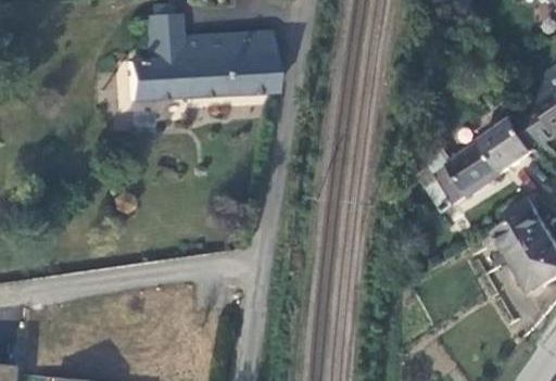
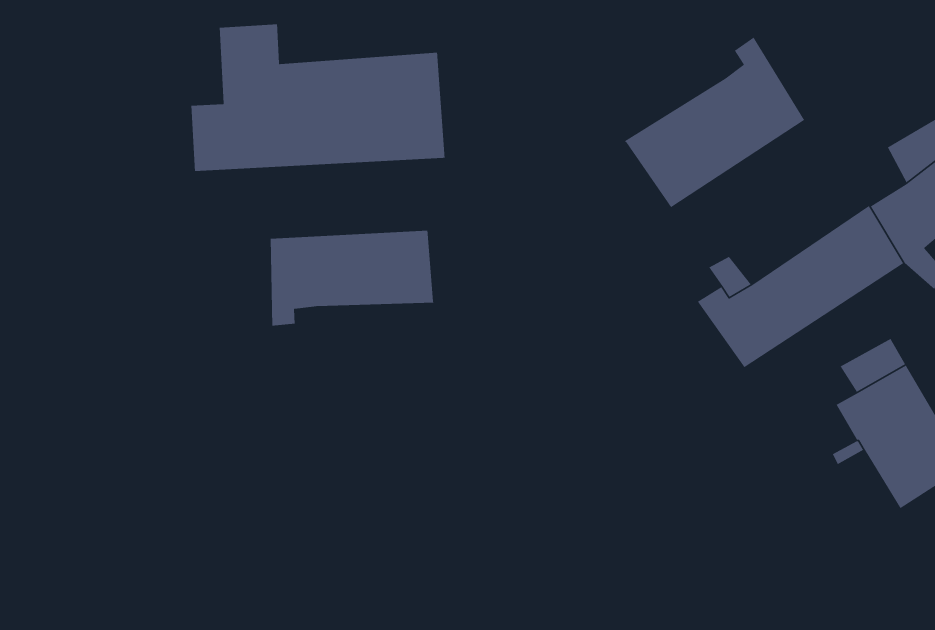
building: none -> [624,36,805,208]
building: none -> [270,230,435,326]

